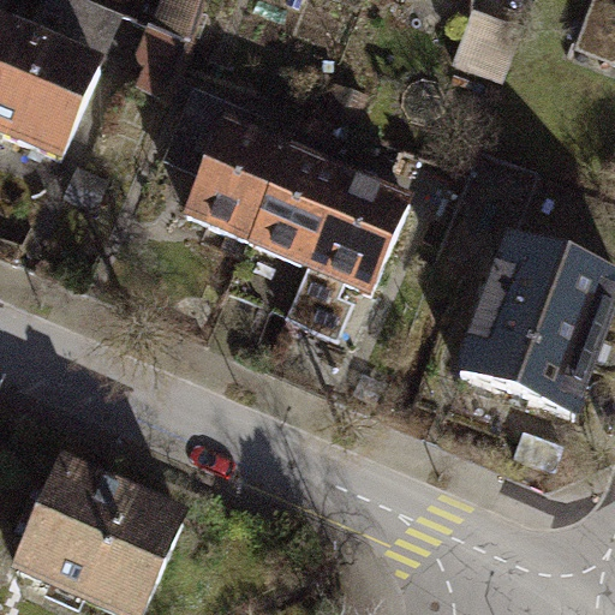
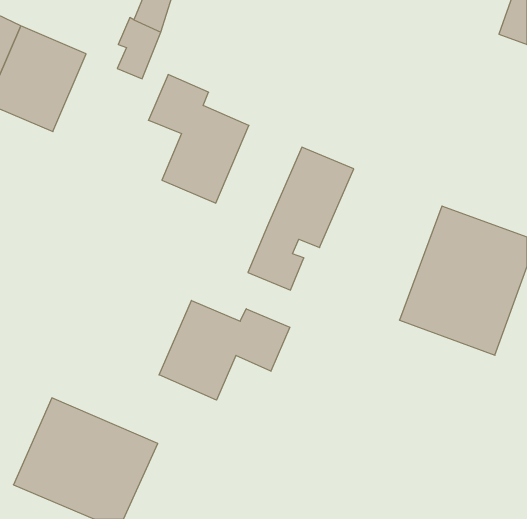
building: [250,145,350,262] -> none
building: none -> [159,300,290,400]

